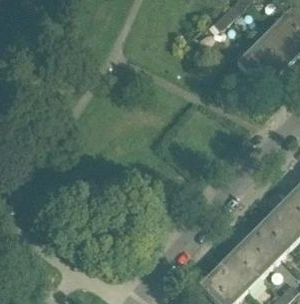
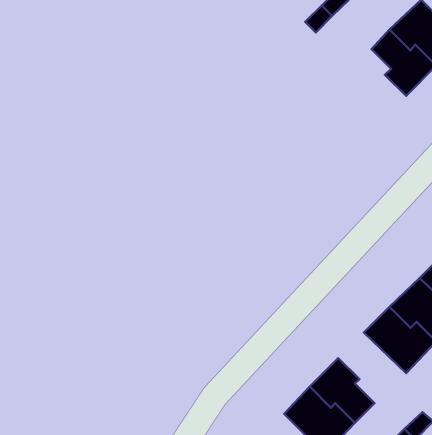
building: [238,39,282,87] -> none
building: [237,228,282,275] -> none

